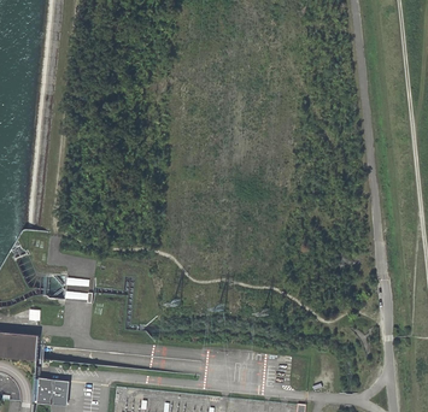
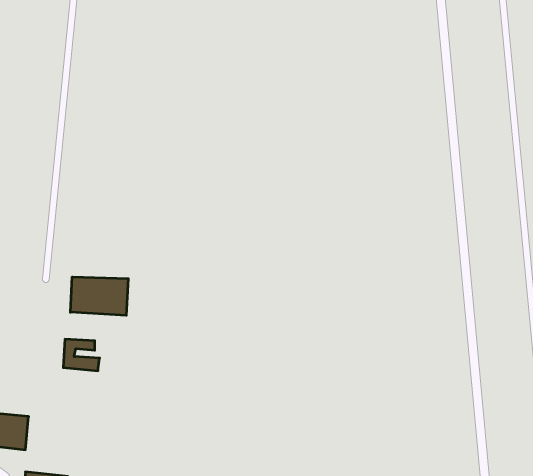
building: none -> [70,277,128,315]

